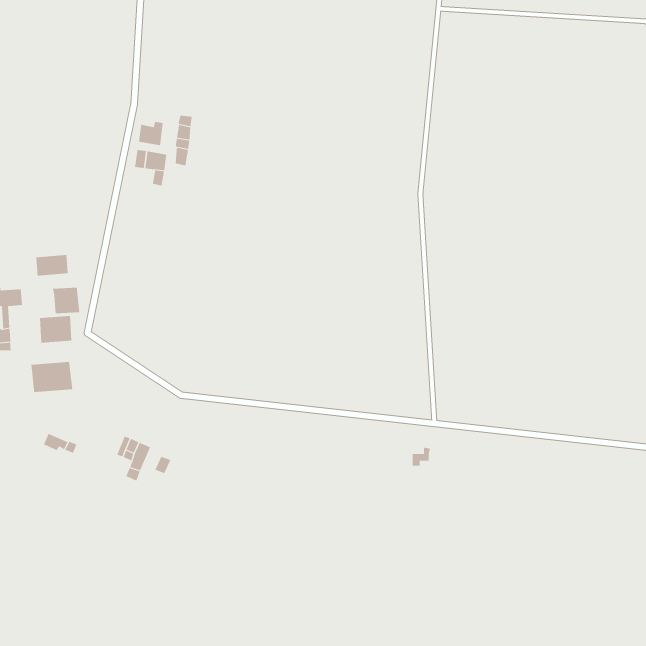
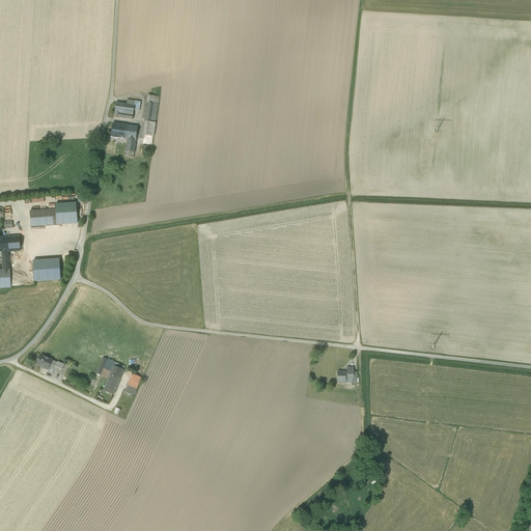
building: [52,287,80,314] -> [54,202,77,224]
building: [31,361,73,393] -> none

